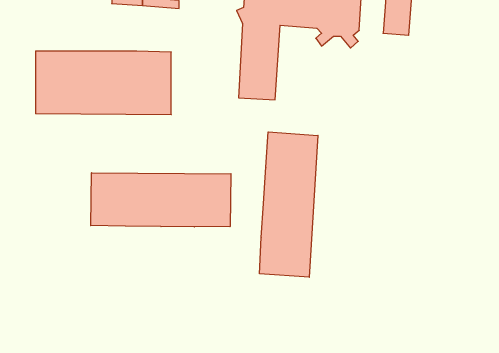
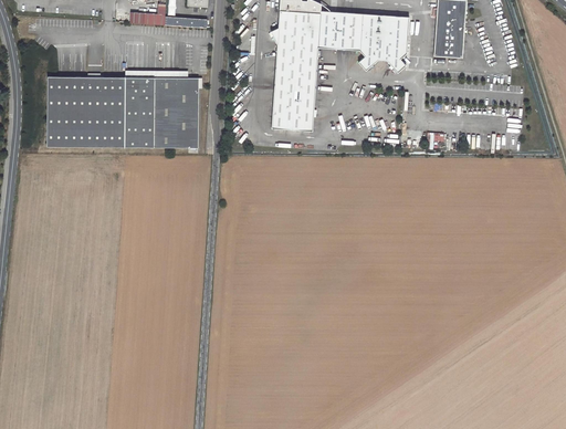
building: [260,132,318,277] -> none
building: [91,173,231,227] -> none

